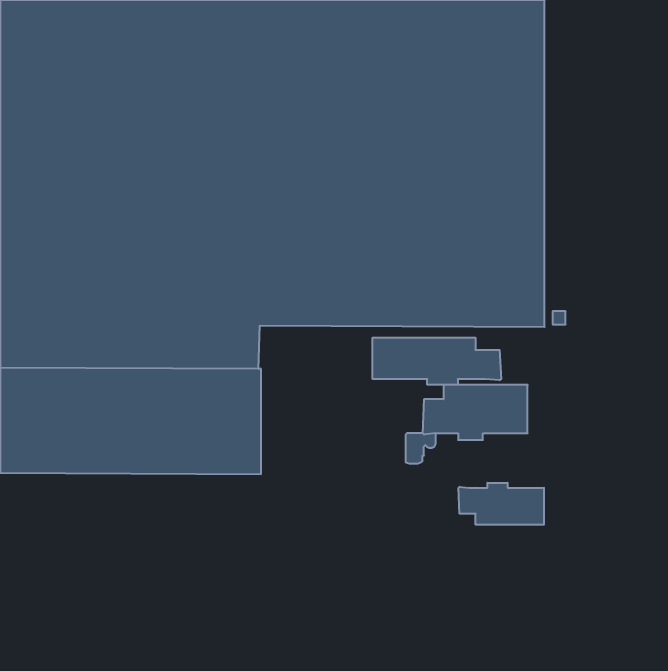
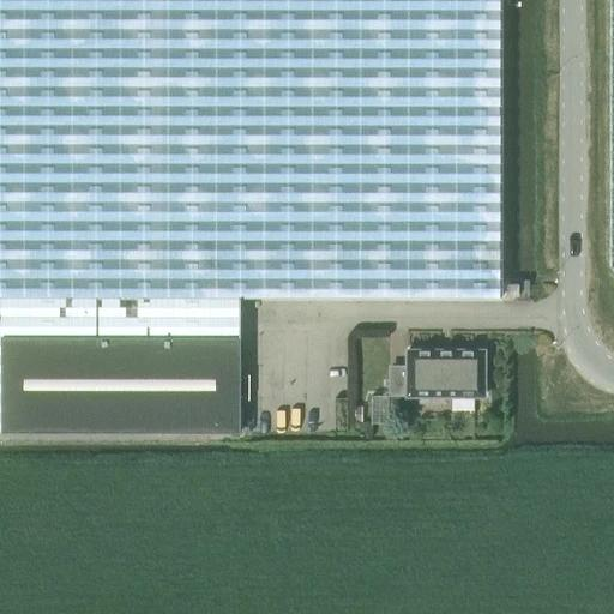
building: [373,338,501,385] -> none
building: [459,483,544,525] -> none

